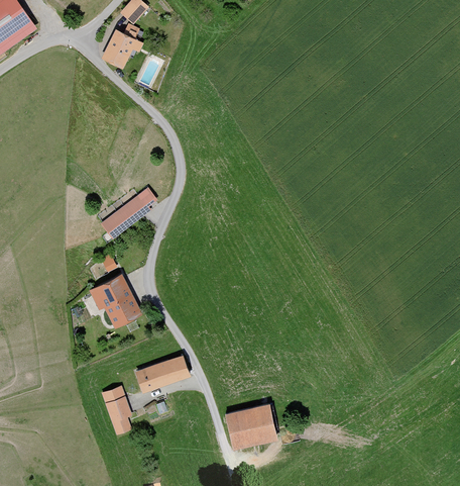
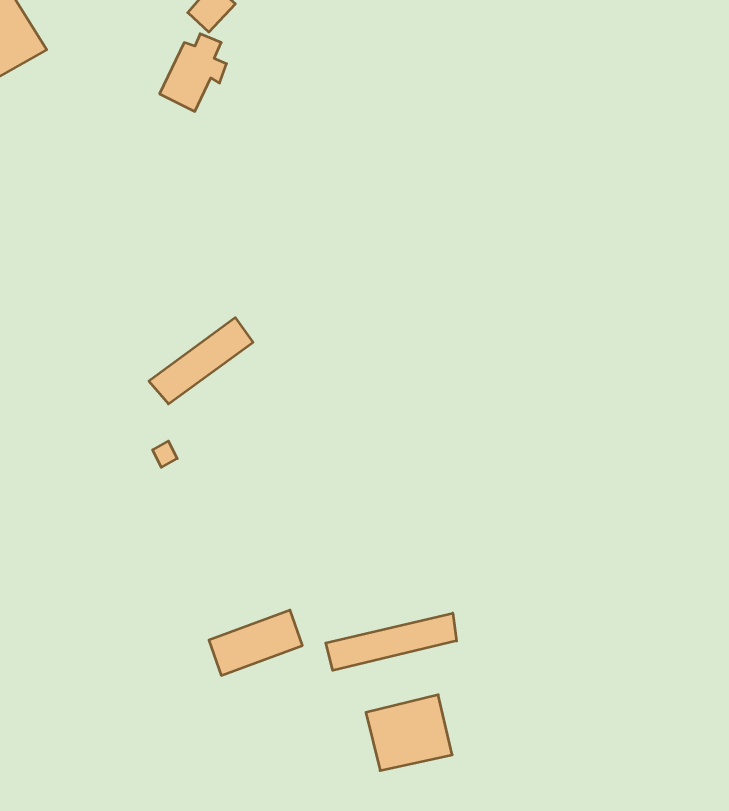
building: [87,274,139,326] -> none
building: none -> [326,613,457,670]
building: [101,385,132,433] -> none

